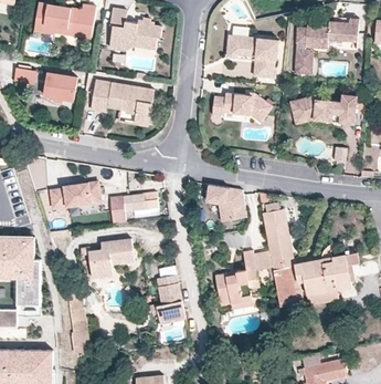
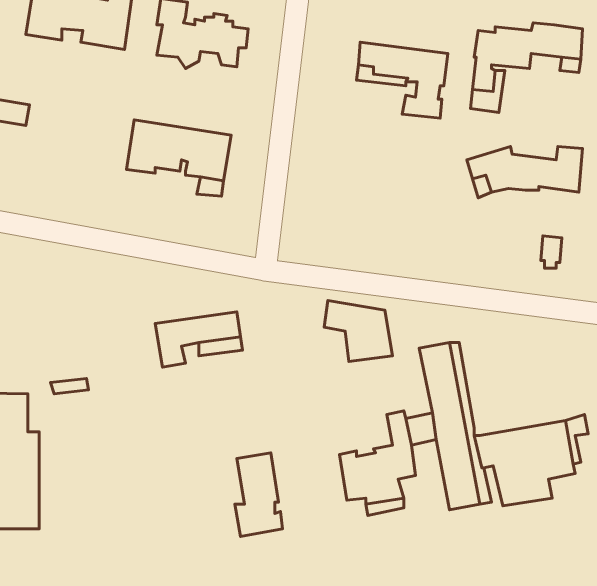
building: [44,72,76,101] -> none
building: [210,92,271,123] -> none
building: [49,181,99,208] -> none
building: [87,239,134,280] -> none

